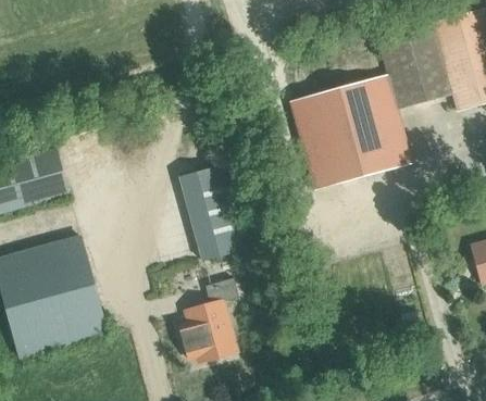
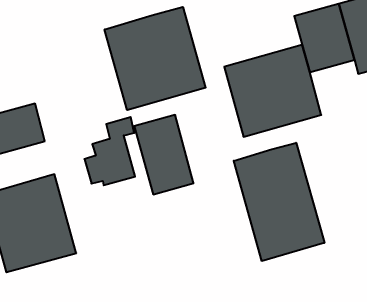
building: none -> [105,7,206,110]
building: none -> [234,143,324,261]
building: [174,276,237,361] -> [84,117,135,185]

